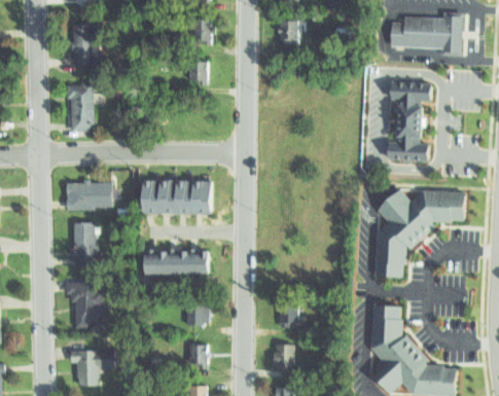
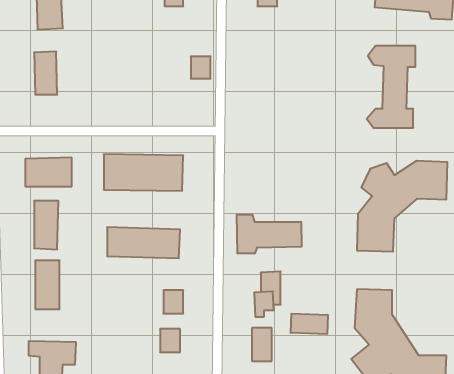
building: [190,65,209,85] -> [191,56,211,79]
building: none -> [237,215,302,254]
building: none -> [291,314,328,334]

